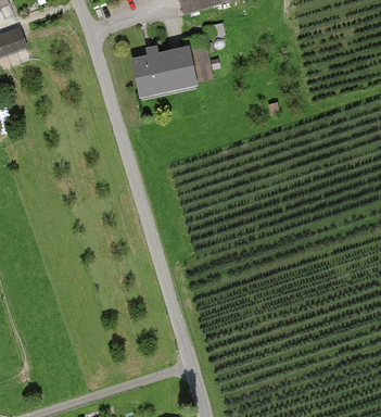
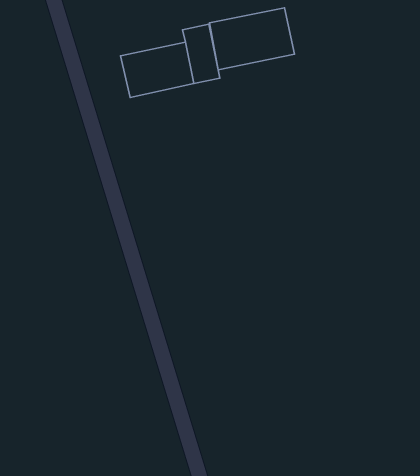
building: none -> [210,8,294,70]

